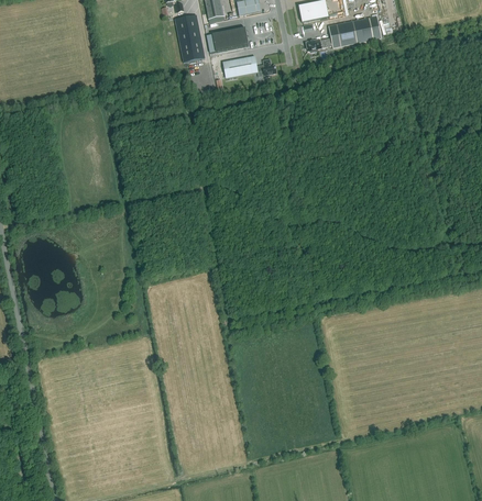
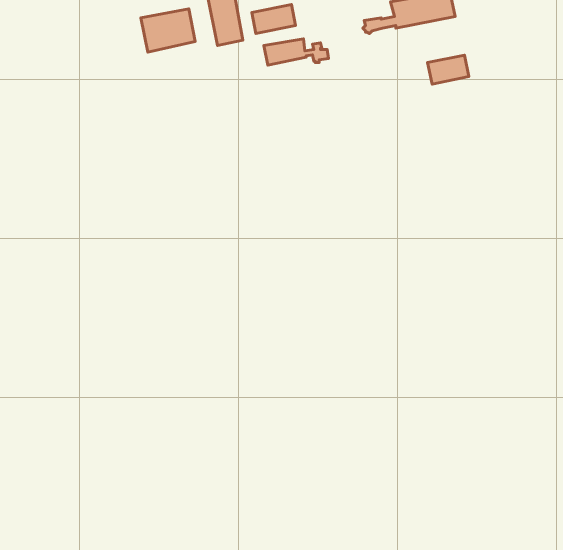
building: none -> [141,9,195,52]
building: none -> [428,55,469,84]

